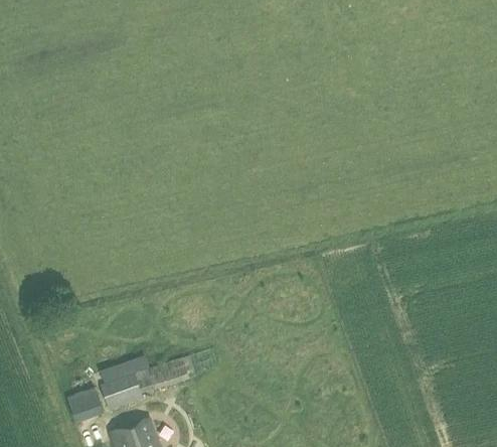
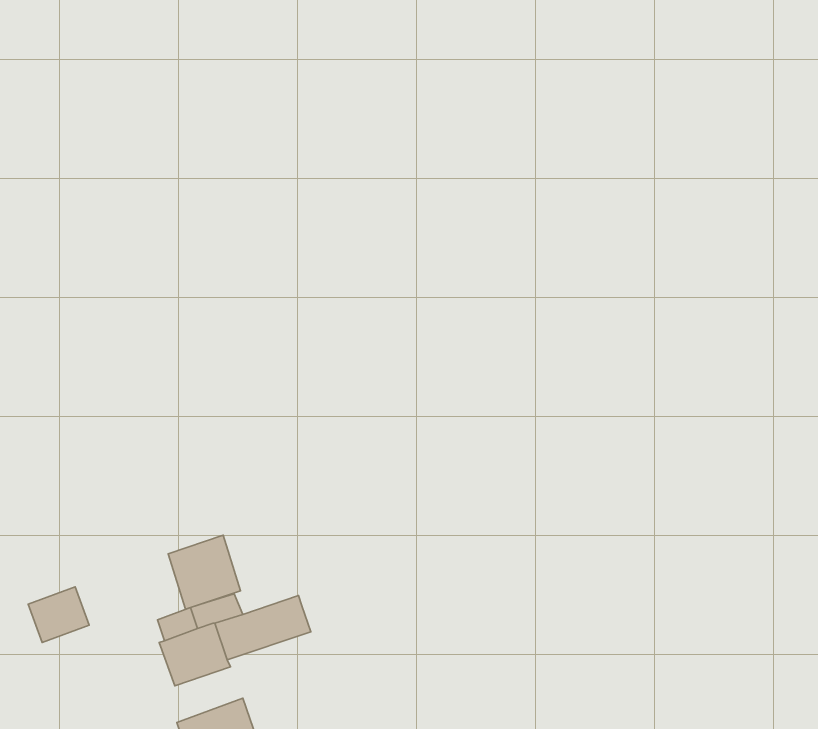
building: none -> [168,535,240,609]
building: [67,388,103,420] -> [28,587,89,642]

